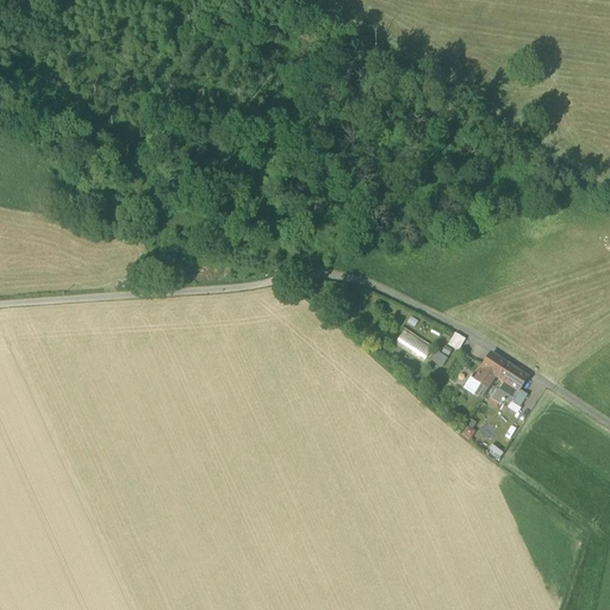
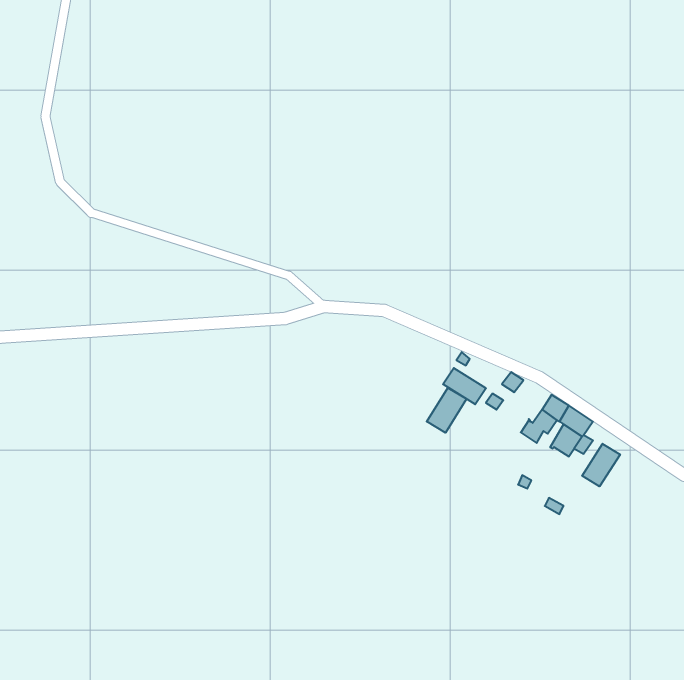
building: none -> [427,388,467,433]
building: none -> [582,444,620,486]

